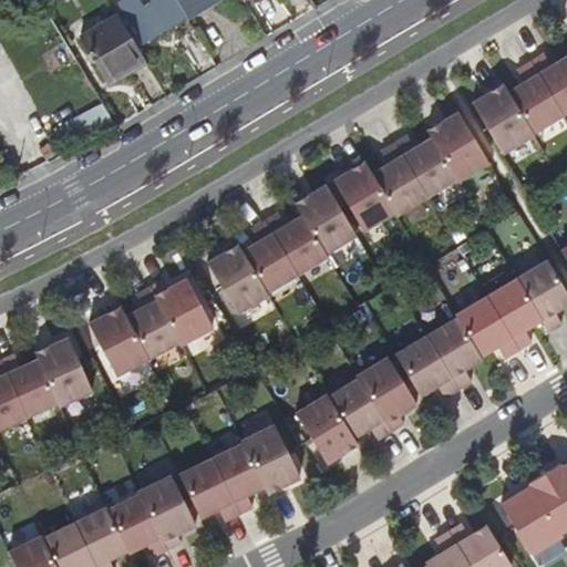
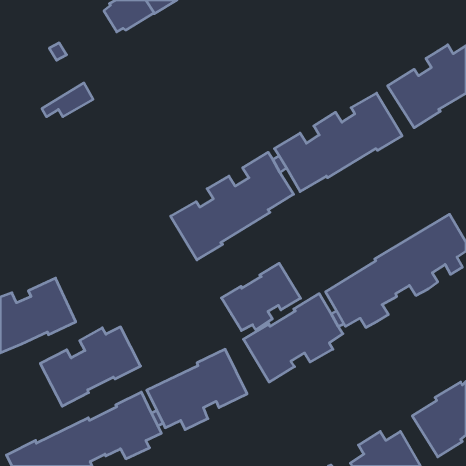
building: [80,14,144,80] -> none
building: [89,279,210,375] -> [40,327,141,406]
building: none -> [221,263,301,331]

